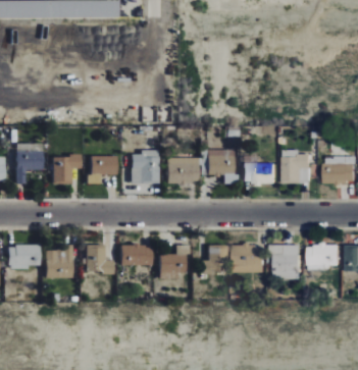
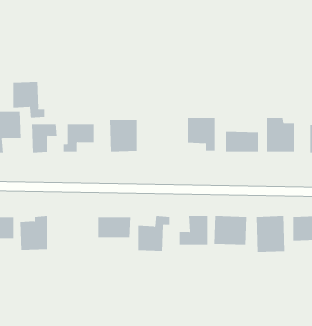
building: none -> [13,81,45,118]
building: [164,157,197,183] -> none
building: [85,245,111,274] -> none

